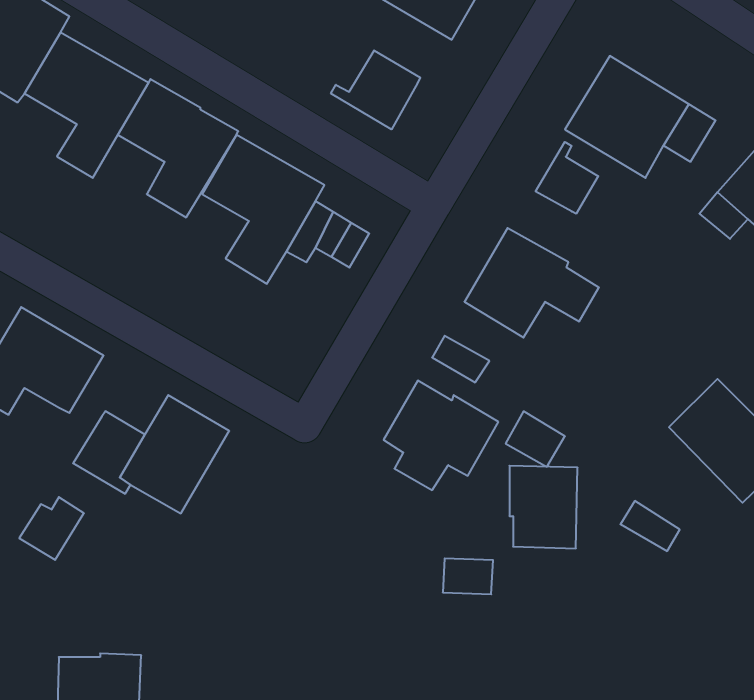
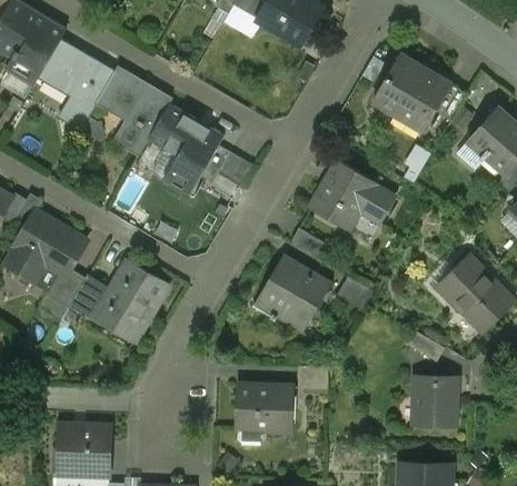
building: [331,50,420,129] -> none
building: [536,142,598,214] -> none
building: [509,466,578,548] -> [414,375,456,426]
building: [19,497,84,560] -> [46,268,86,307]
building: none -> [237,384,291,444]

